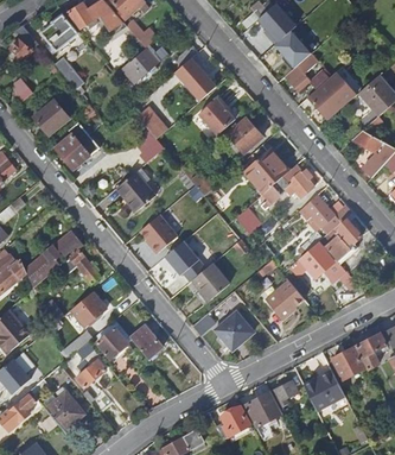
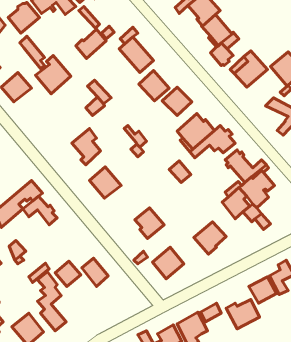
building: [55,124,97,170] -> [36,56,71,94]
building: [160,245,200,285] -> none
building: [71,293,104,327] -> none

